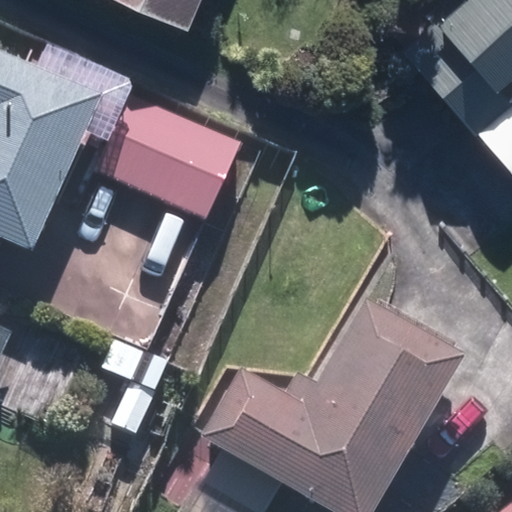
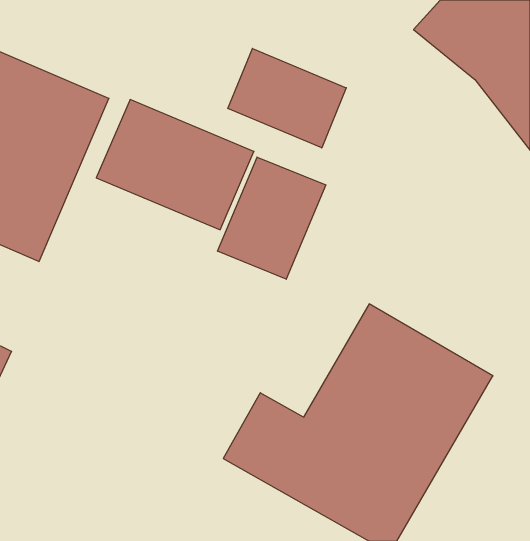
building: none -> [228,48,346,148]
building: none -> [218,157,326,279]

